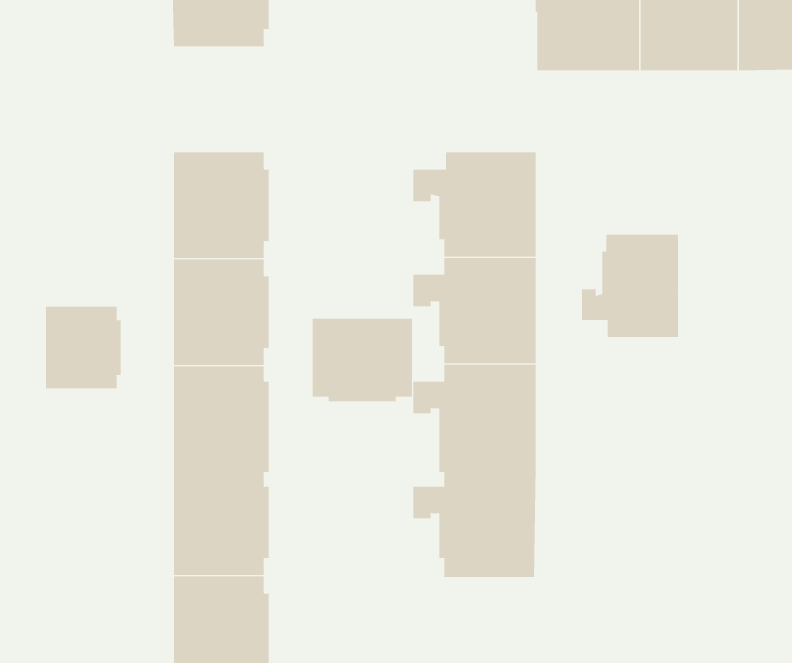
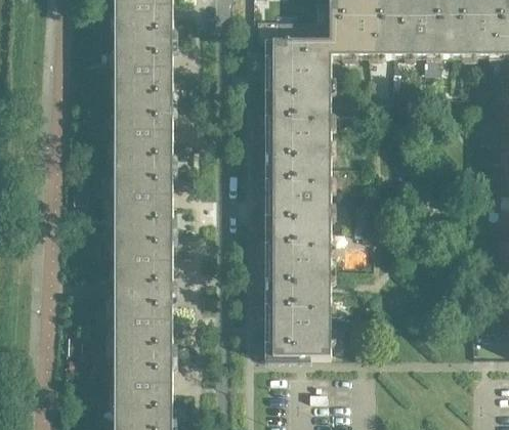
building: none -> [257,19,331,102]
building: none -> [115,40,172,102]
building: [581,234,678,338] -> none
building: [46,306,121,389] -> none
building: [312,318,413,402] -> none

